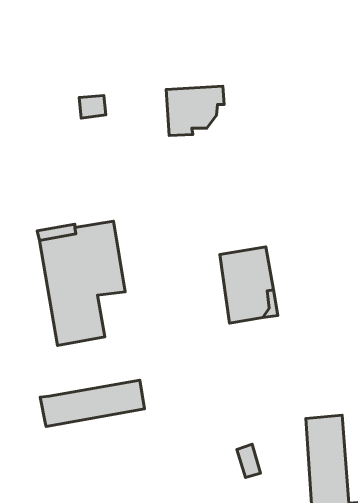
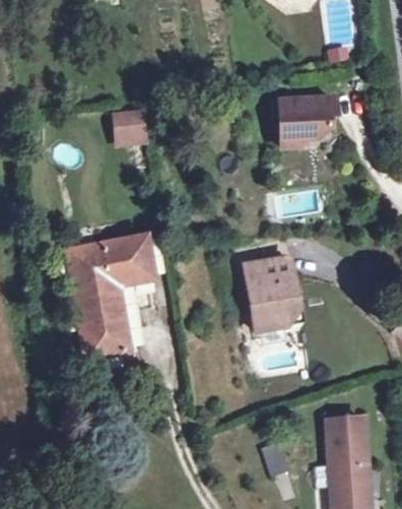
building: [166,86,224,136] -> [279,98,334,144]
building: [40,380,144,427] -> none

